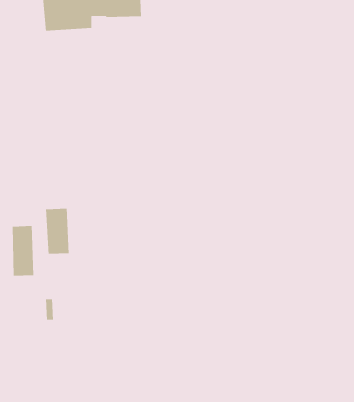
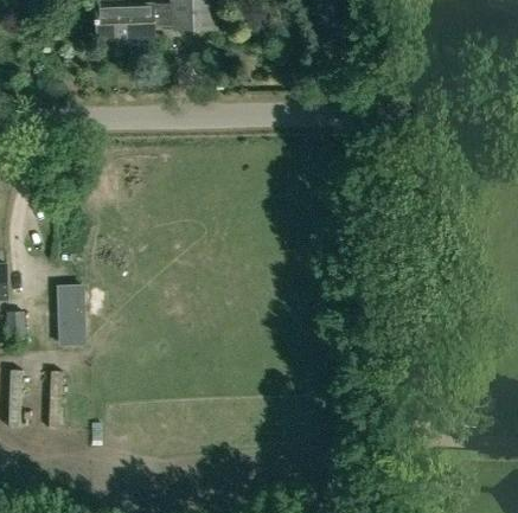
building: [45,208,69,254] -> none

